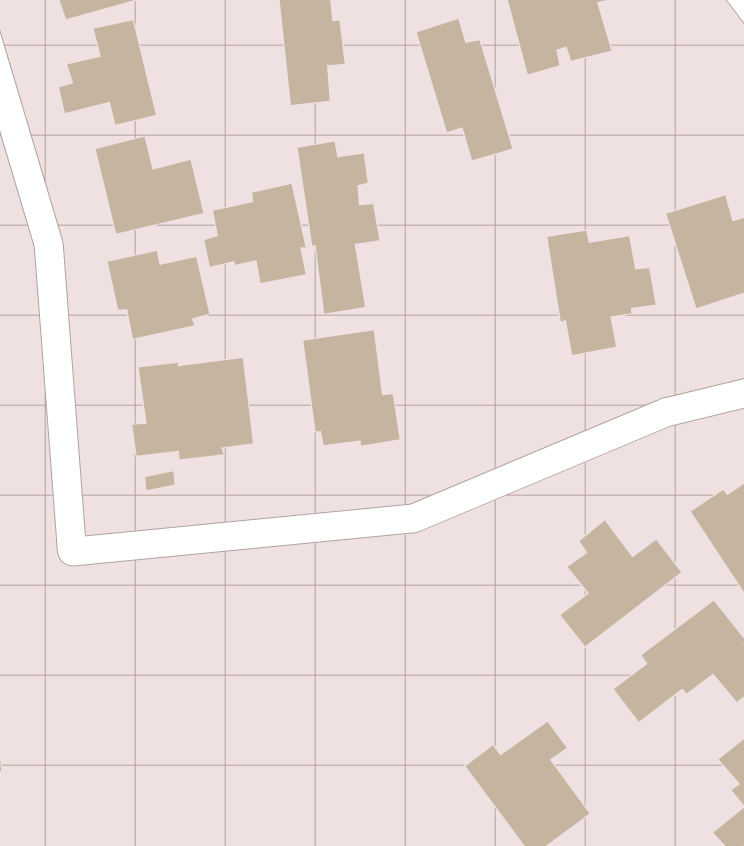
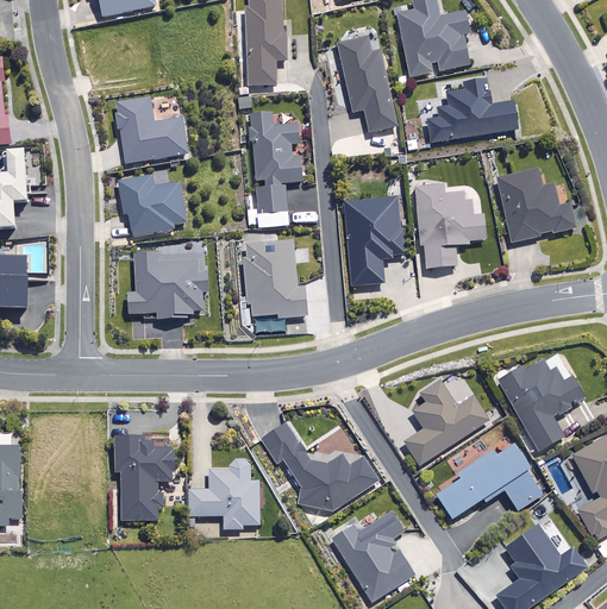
building: [59,19,156,125] -> none
building: none -> [426,79,517,143]
building: [204,183,306,284] -> none
building: none -> [346,195,405,285]
building: none -> [263,422,378,509]
building: none -> [112,435,173,520]
building: none -> [192,458,259,528]

